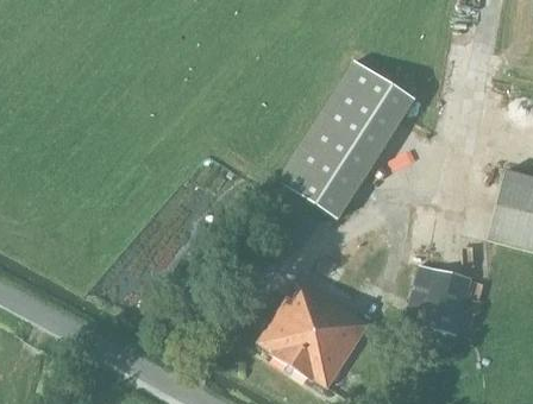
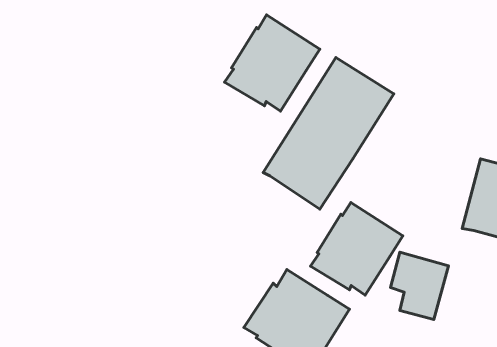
building: none -> [225,15,320,111]
building: none -> [311,202,403,295]

